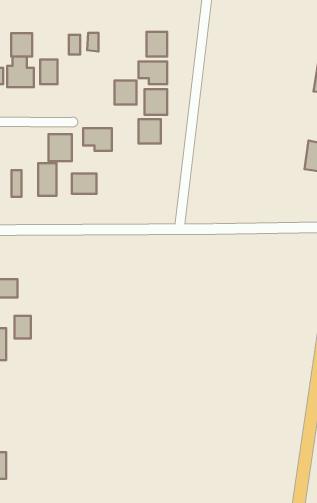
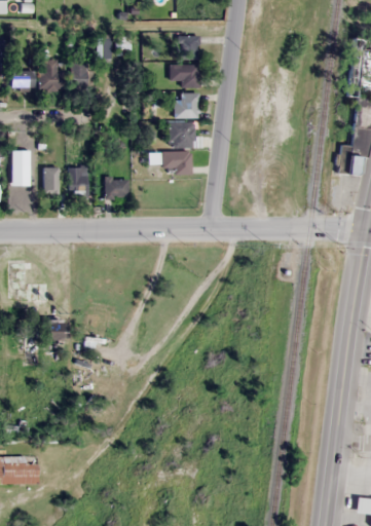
building: [11,33,32,56] -> none
building: [115,81,137,105] -> none
building: [83,128,112,151] -> [162,151,191,174]
building: [49,134,72,161] -> none

